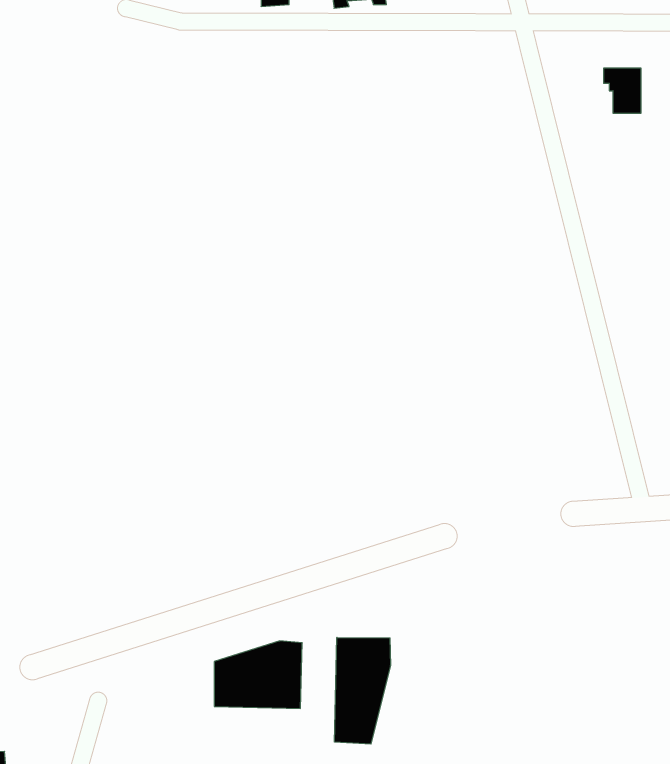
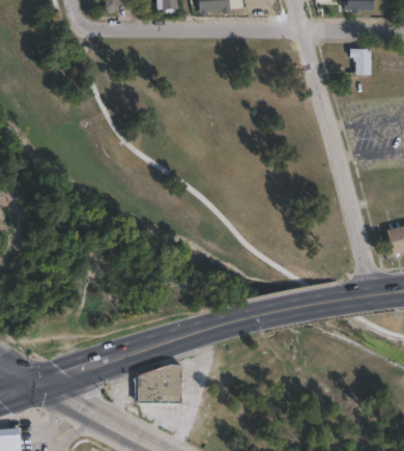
building: [335,637,390,744] -> none

